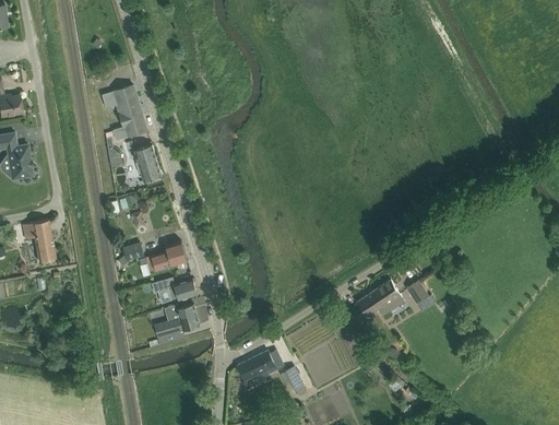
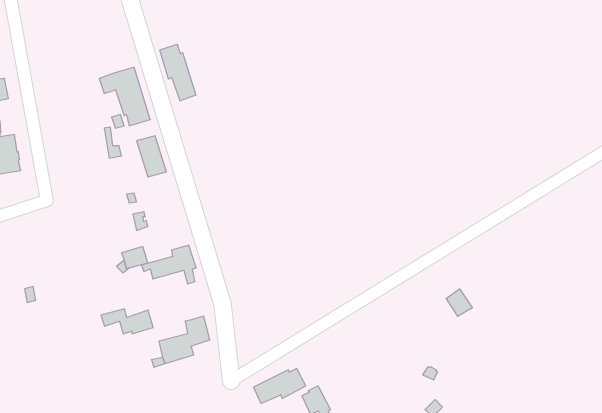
building: none -> [160,44,196,101]
building: [22,220,55,261] -> none
building: [151,278,197,299] -> [101,309,153,334]
building: [357,280,404,317] -> none

